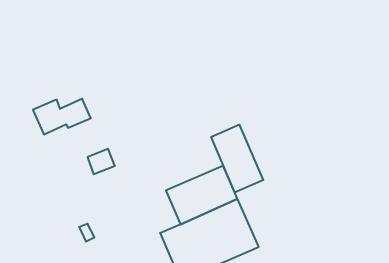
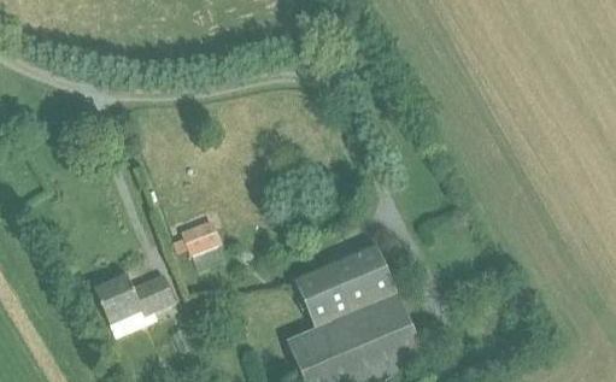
building: [33,99,91,134] -> [94,274,176,324]
building: [211,125,263,193] -> none

